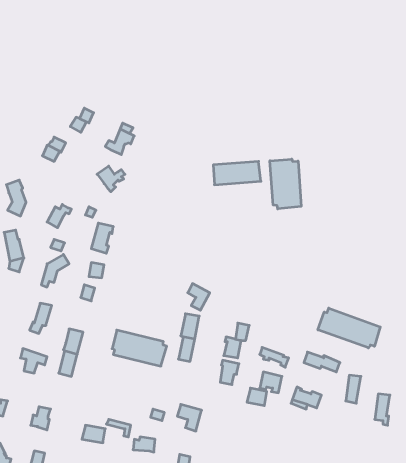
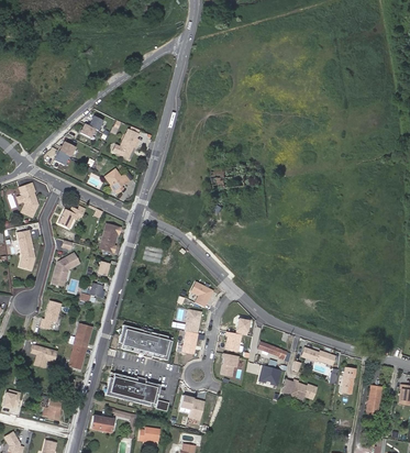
building: [270,159,301,209] -> none
building: [318,308,380,348] -> none
building: none -> [104,374,158,408]

